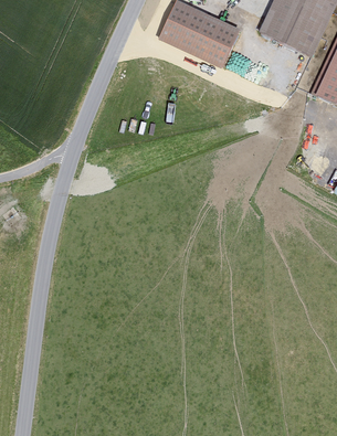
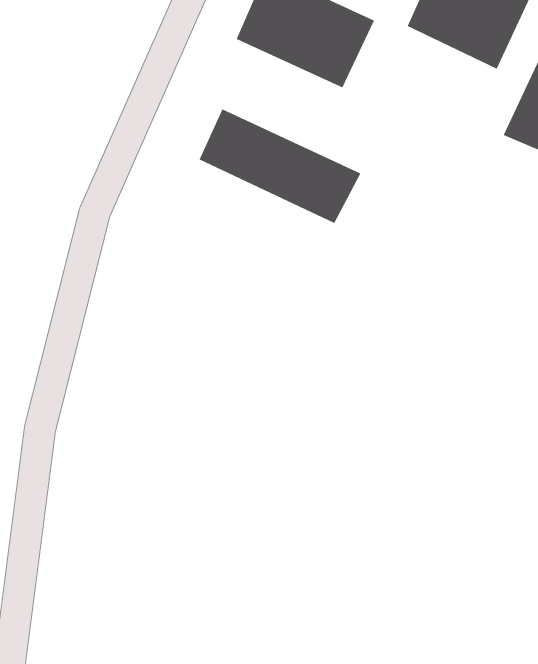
building: none -> [199,108,361,224]

